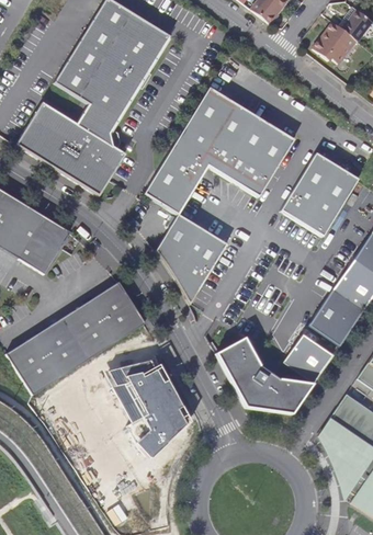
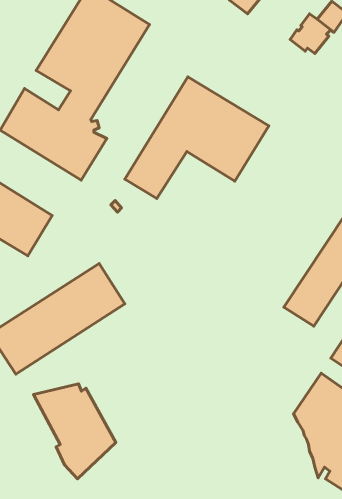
building: [282,151,359,235] -> none
building: [157,213,227,303] -> none
building: [216,333,332,412] -> none
building: [105,358,190,456] -> [34,384,116,479]

